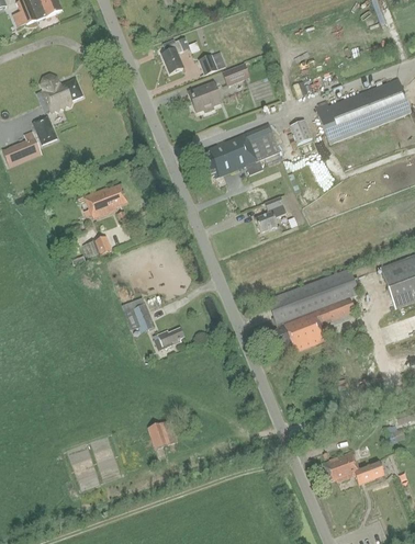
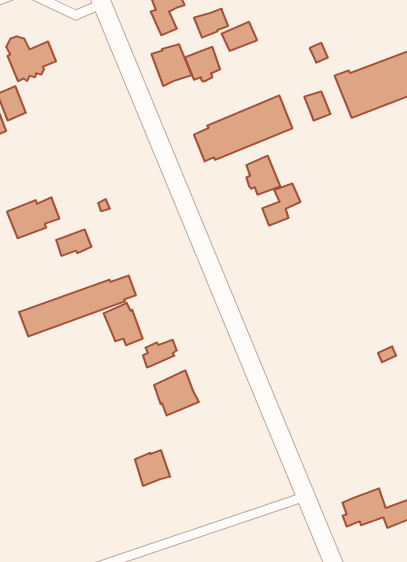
building: none -> [152,44,192,86]
building: none -> [246,156,280,195]
building: [83,184,127,218] -> [7,197,59,238]
building: [267,269,359,352] -> none
building: none -> [19,275,136,337]
building: none -> [154,370,199,416]

